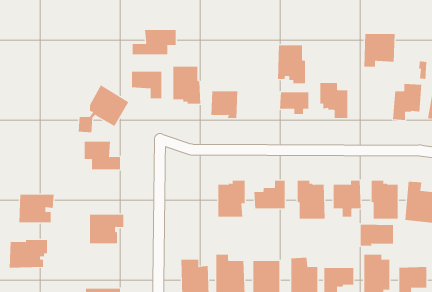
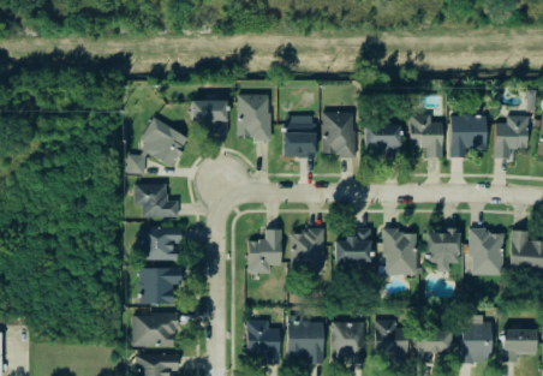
building: [132,29,176,55] -> none
building: [364,33,395,67] -> [450,117,488,156]
building: [277,45,306,84] -> [322,112,356,157]
building: none -> [247,228,281,273]
building: [19,194,55,223] -> [139,226,181,259]
building: [360,224,393,247] -> none
building: [9,239,48,268] -> [132,312,178,346]

